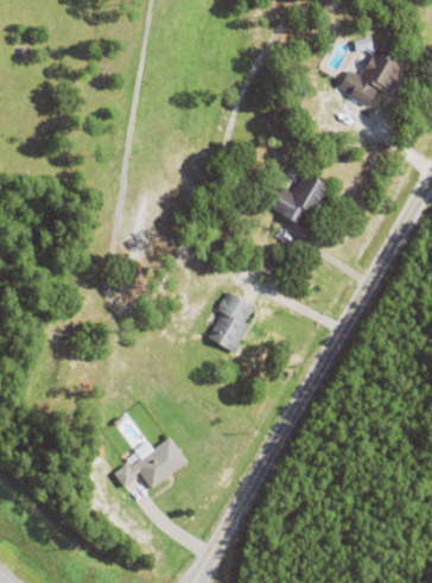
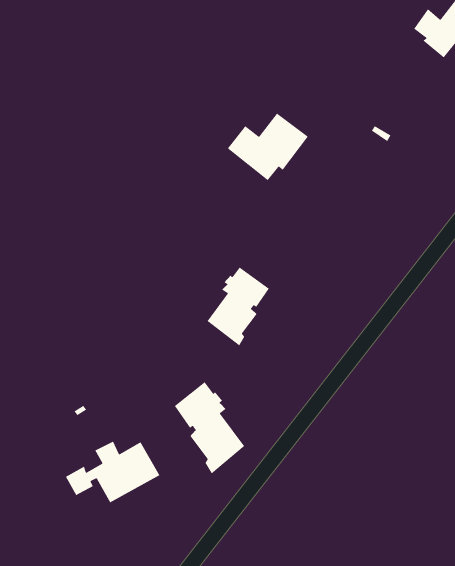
building: [267,172,330,227] -> [227,113,309,181]
building: none -> [174,381,245,475]

